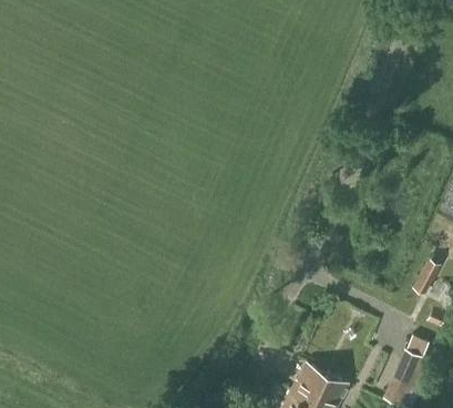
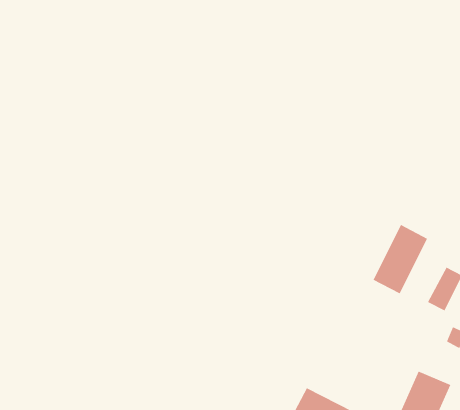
building: none -> [373,224,428,294]

